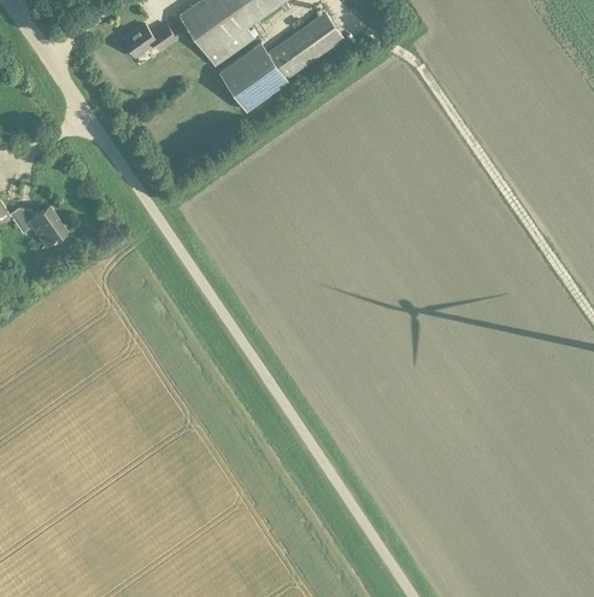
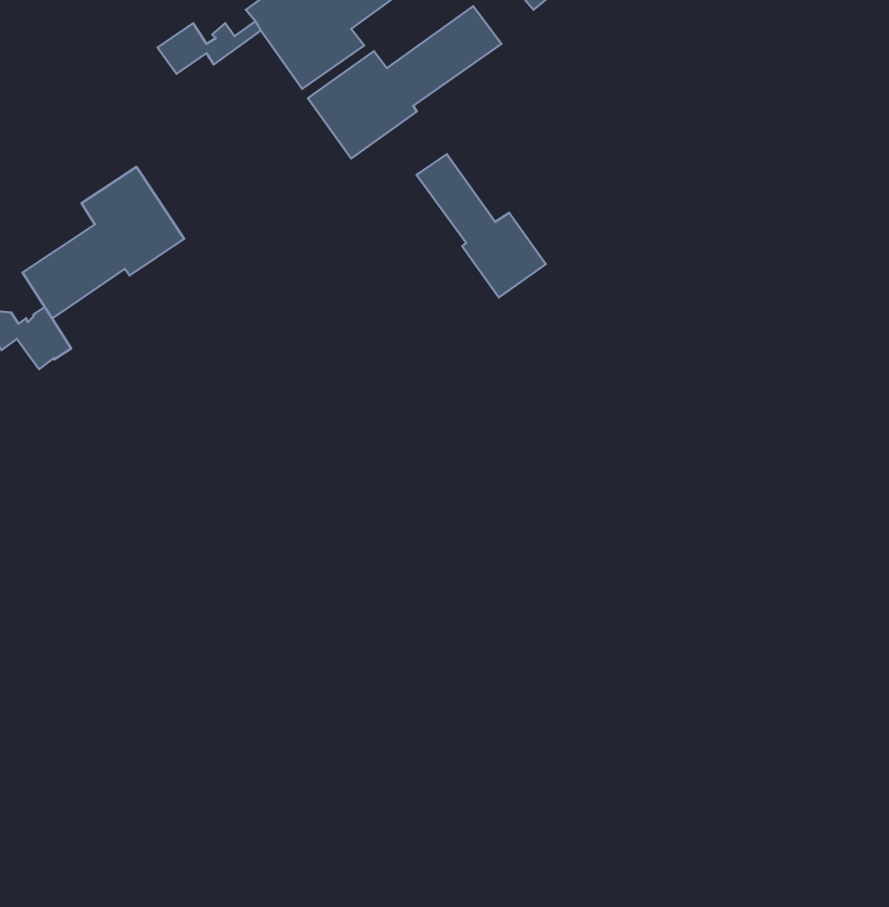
building: none -> [417,154,546,298]
building: none -> [23,167,184,319]

